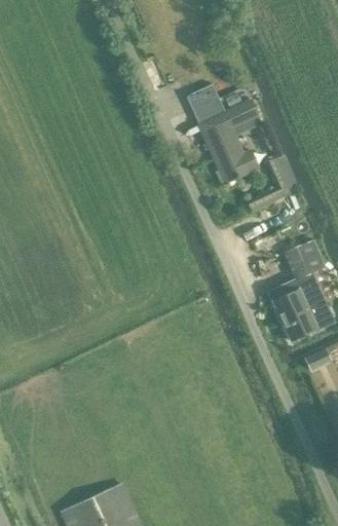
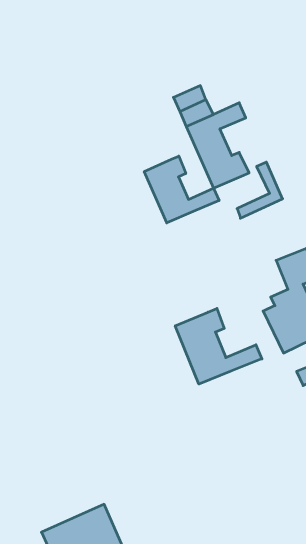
building: none -> [144,156,219,223]
building: none -> [175,308,262,384]

